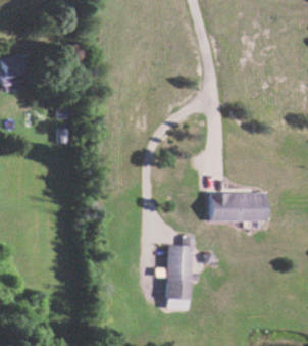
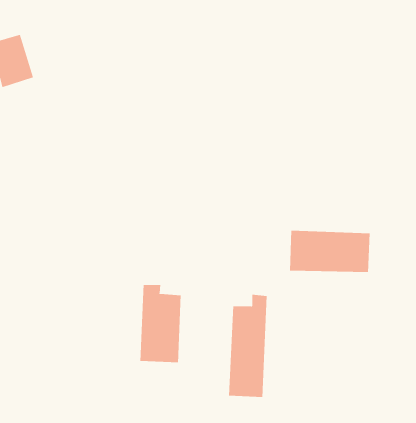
building: none -> [140,284,181,363]

